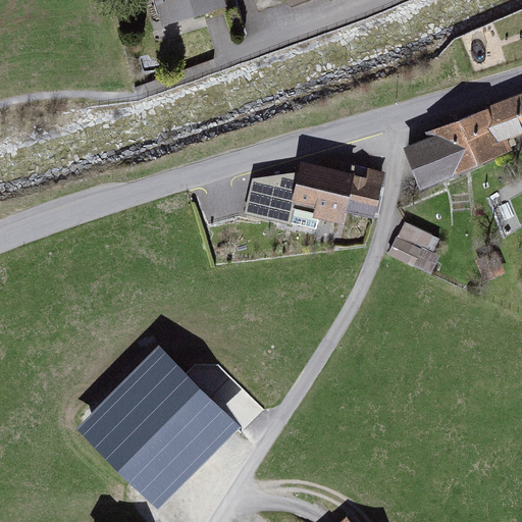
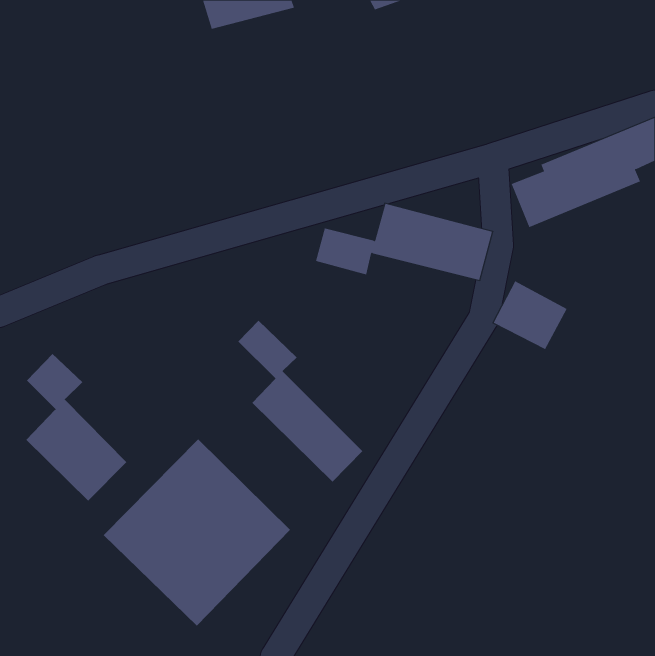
building: none -> [238,320,363,482]
building: none -> [25,353,127,502]

